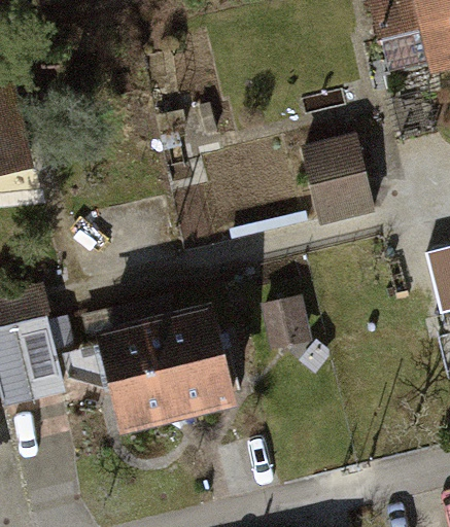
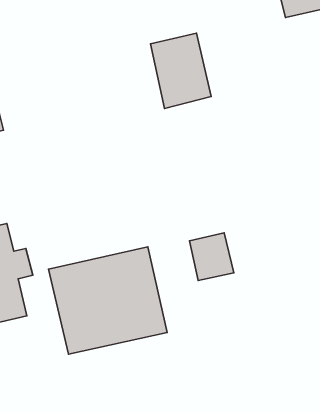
building: [301,131,373,220] -> [150,33,211,109]

